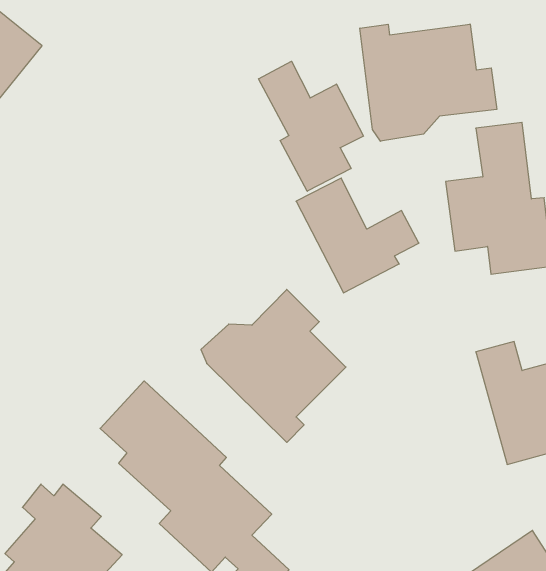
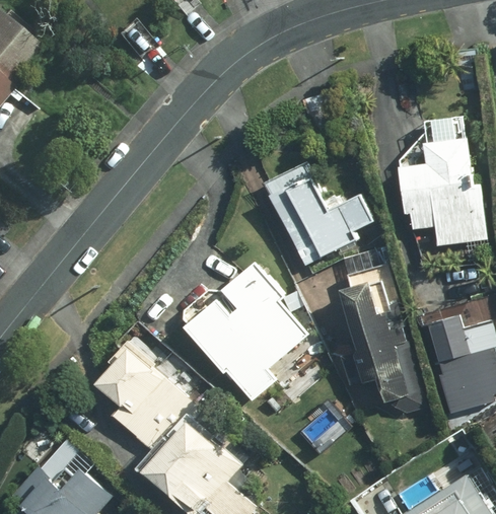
building: [360,24,497,141] -> none
building: [259,61,363,191] -> none
building: none -> [336,278,424,414]

